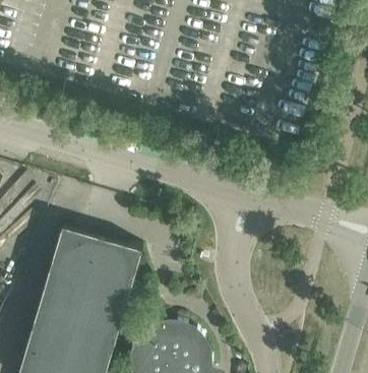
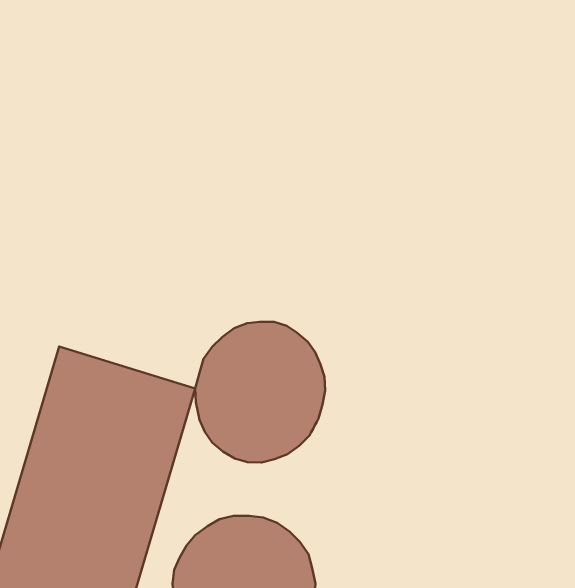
building: none -> [195,322,325,463]

